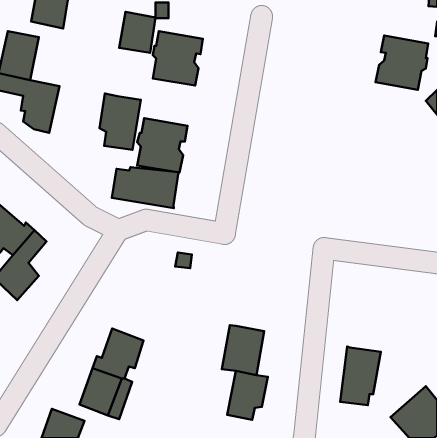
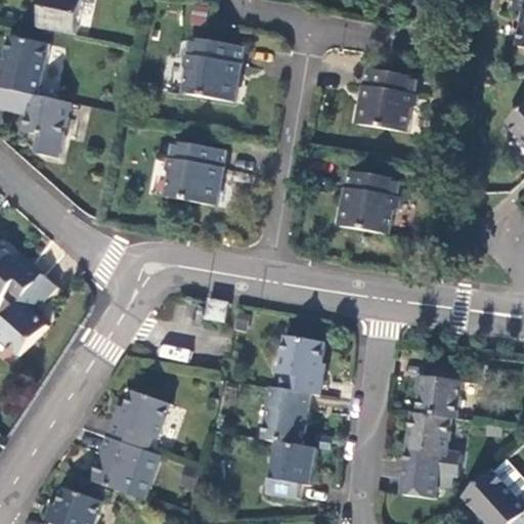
building: [119,12,155,53] -> none
building: [376,36,428,90] -> [354,69,417,133]
building: [99,94,141,150] -> none
building: none -> [336,171,398,235]
building: [112,167,178,208] -> none
building: none -> [279,335,325,394]
building: none -> [414,361,475,418]

